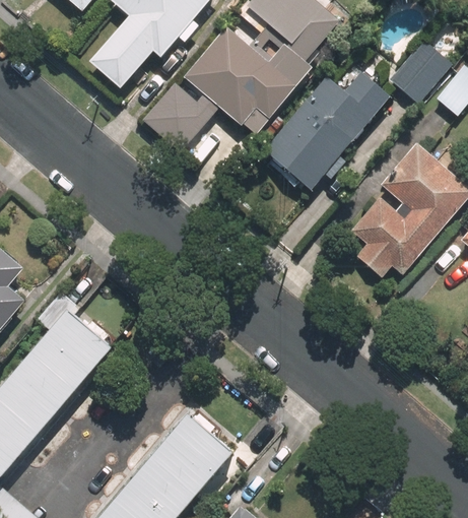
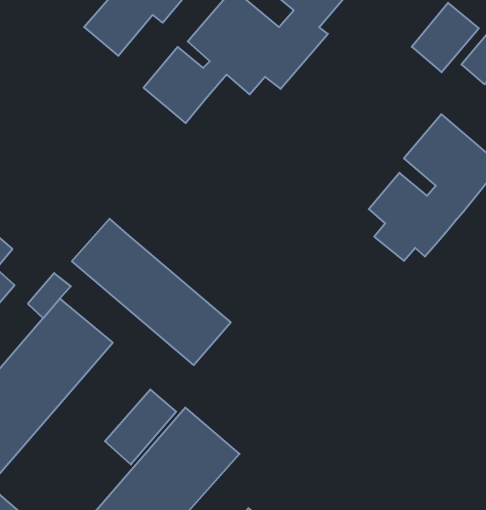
building: [261,72,391,192] -> none
building: none -> [72,219,231,365]
building: none -> [105,389,176,465]

